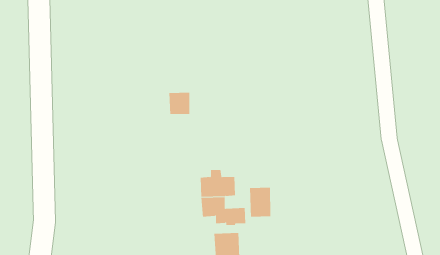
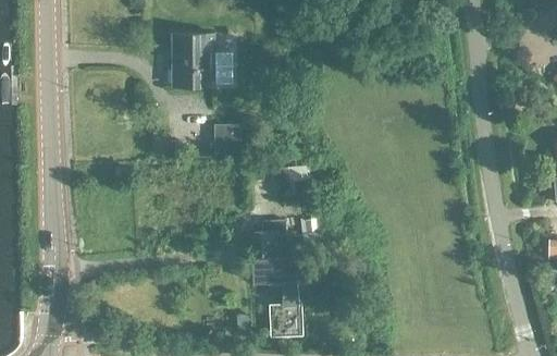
building: none -> [174,36,233,87]
building: [250,187,271,217] -> none

